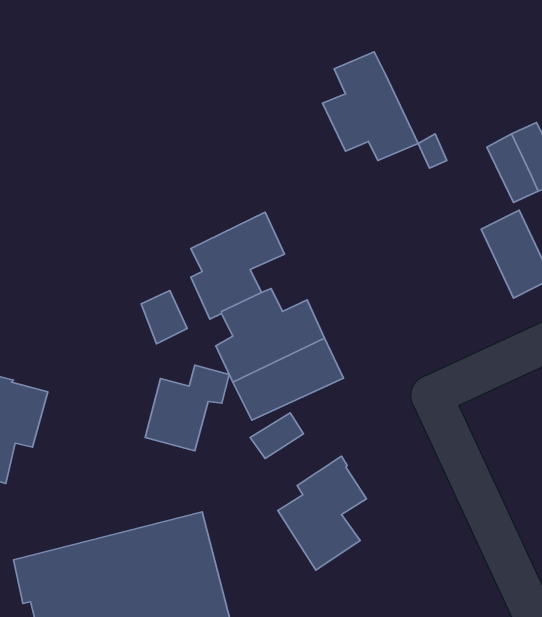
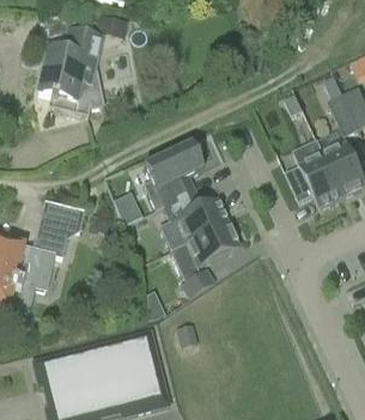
building: none -> [38,30,104,115]
building: [323,52,418,161] -> [286,139,346,207]
building: [145,365,229,451] -> [31,203,84,257]
building: [278,456,367,570] -> none

